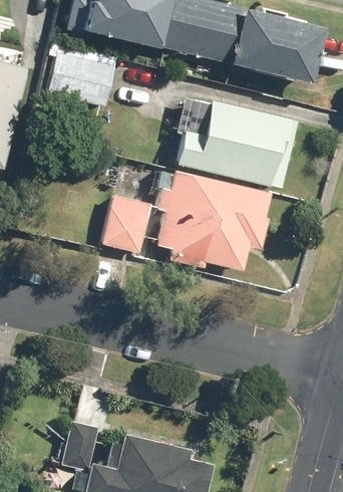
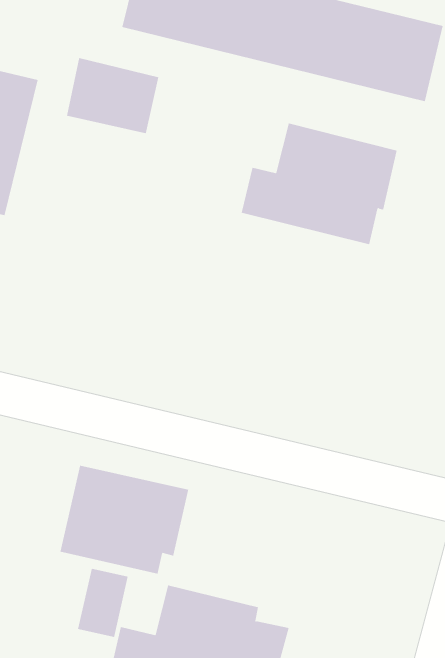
building: [156,171,271,271] -> none
building: [103,196,153,253] -> none
building: none -> [60,465,189,574]

